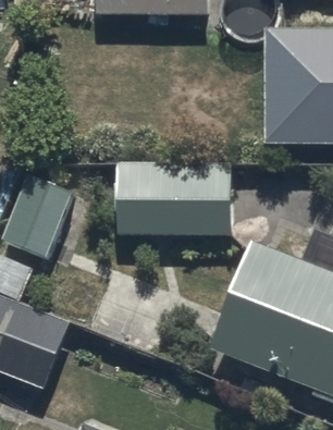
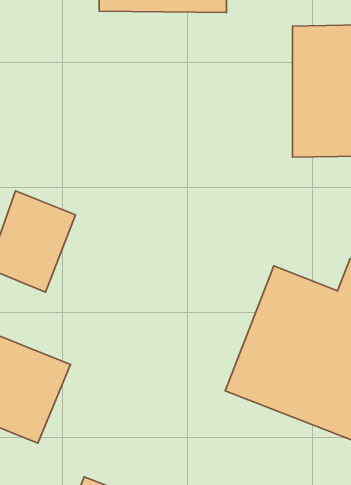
building: [115,161,234,237] -> none

